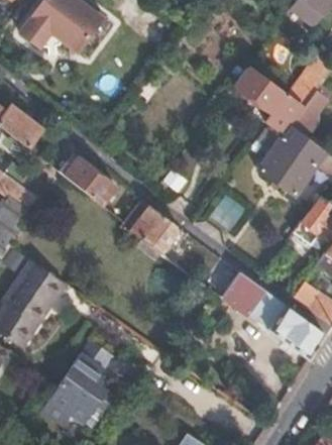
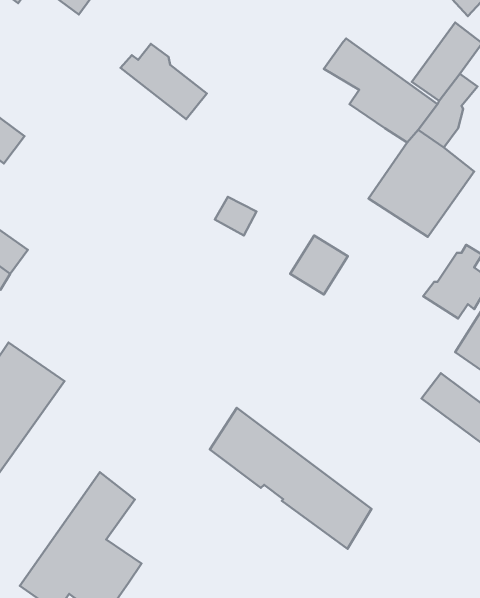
building: [62,158,116,206] -> [121,44,207,119]
building: [131,206,181,254] -> none
building: [223,271,325,360] -> [210,408,371,549]

